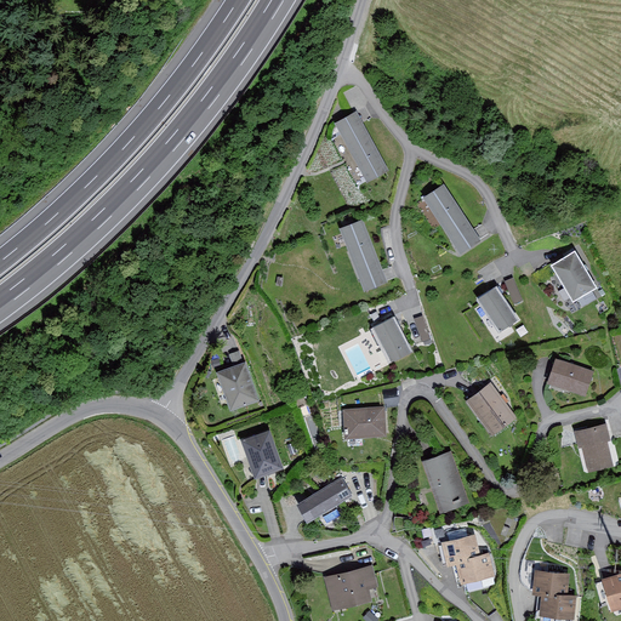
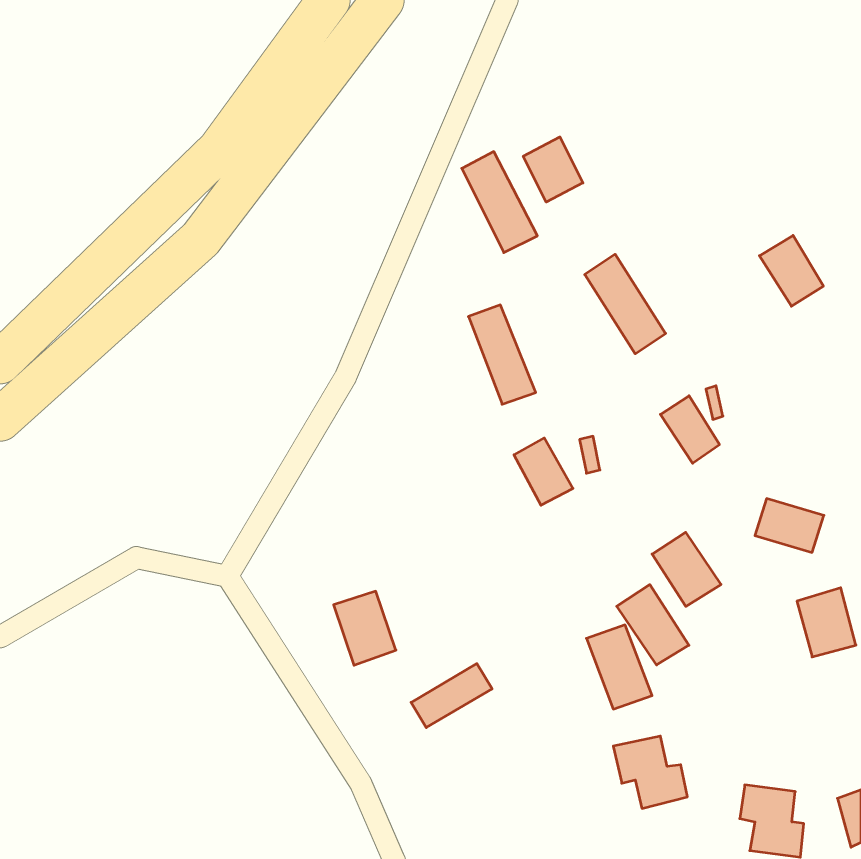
building: none -> [523,137,583,202]
building: [549,251,596,302] -> [759,235,823,306]
building: [216,363,260,414] -> none
building: [342,408,383,438] -> none
building: none -> [617,585,689,665]
building: [324,565,381,611] -> none

